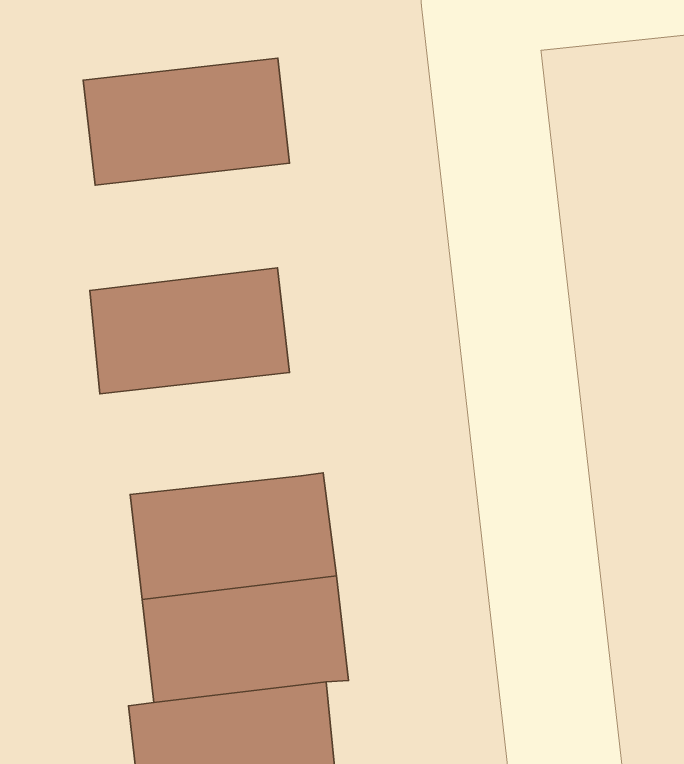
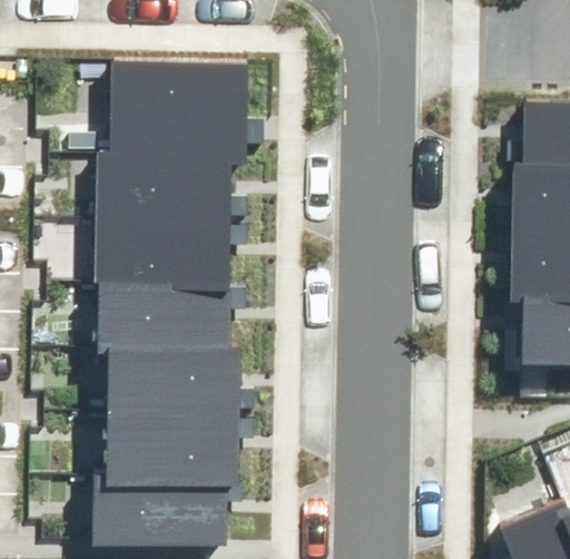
building: none -> [104,131,244,202]
building: none -> [100,268,226,339]

